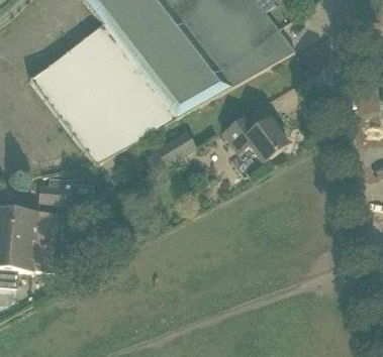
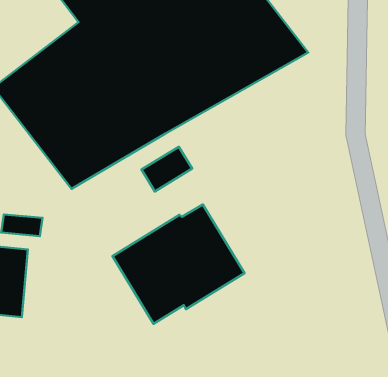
building: [224,115,288,161] -> none
building: none -> [112,204,244,324]

